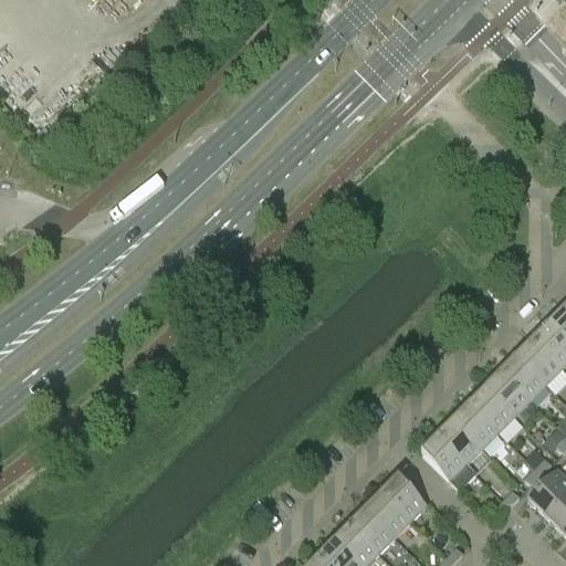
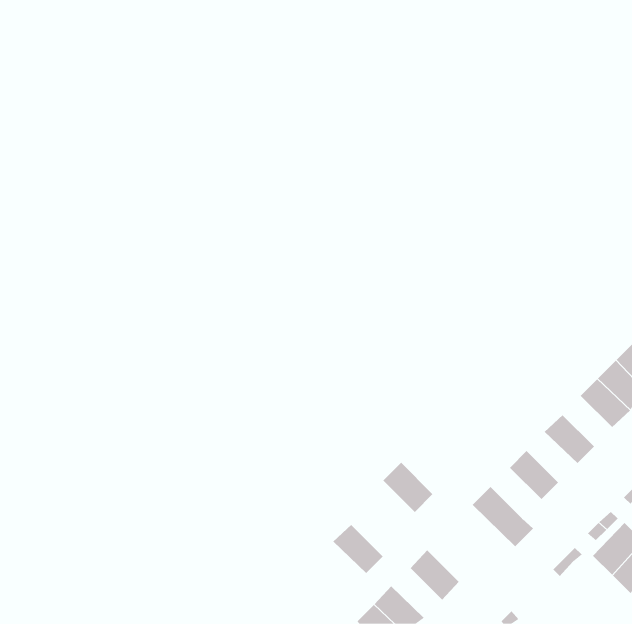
building: [503,353,547,398] -> none
building: [471,385,516,430] -> none
building: [439,417,484,462] -> none
building: [382,473,428,518] -> [382,462,433,513]
building: [350,506,396,551] -> [333,524,383,574]

